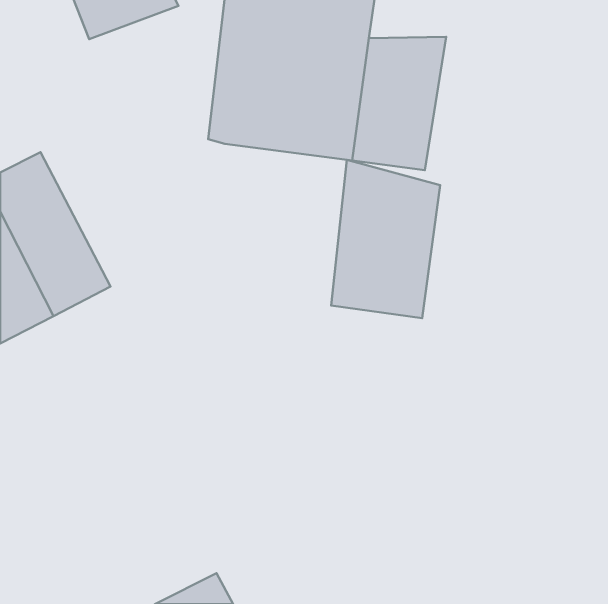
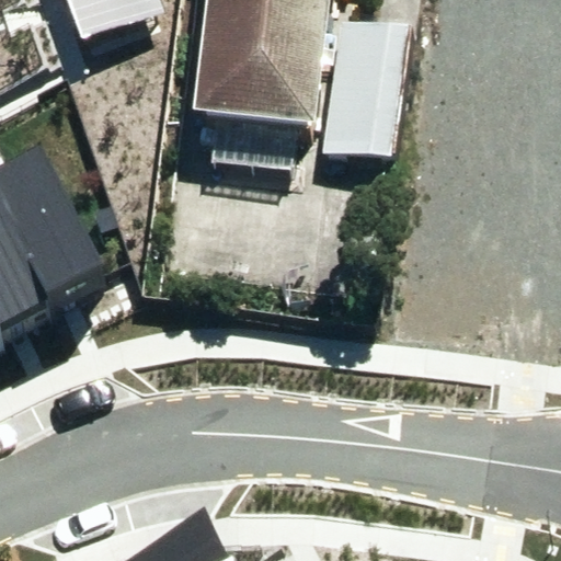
building: [331,160,440,318] -> none

